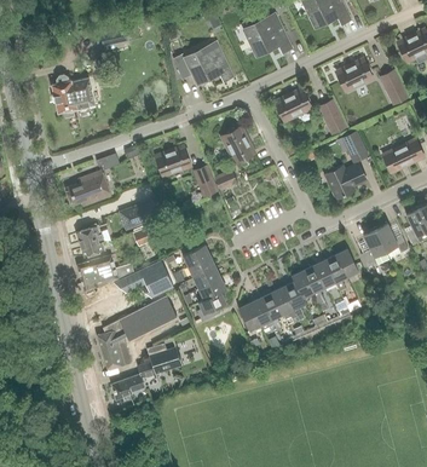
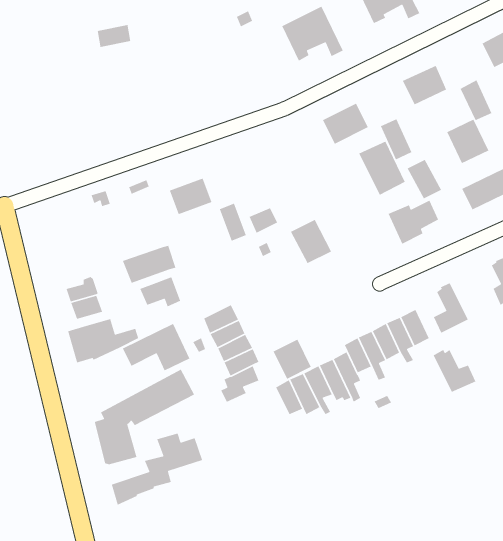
building: [173,41,232,85] -> none
building: [51,75,100,117] -> none
building: none -> [446,118,489,164]
building: none -> [358,141,406,196]
building: [221,127,254,162] -> [290,219,332,264]
building: [65,171,110,206] -> none
building: [374,223,408,256] -> [433,349,476,393]
building: none -> [273,338,312,380]

